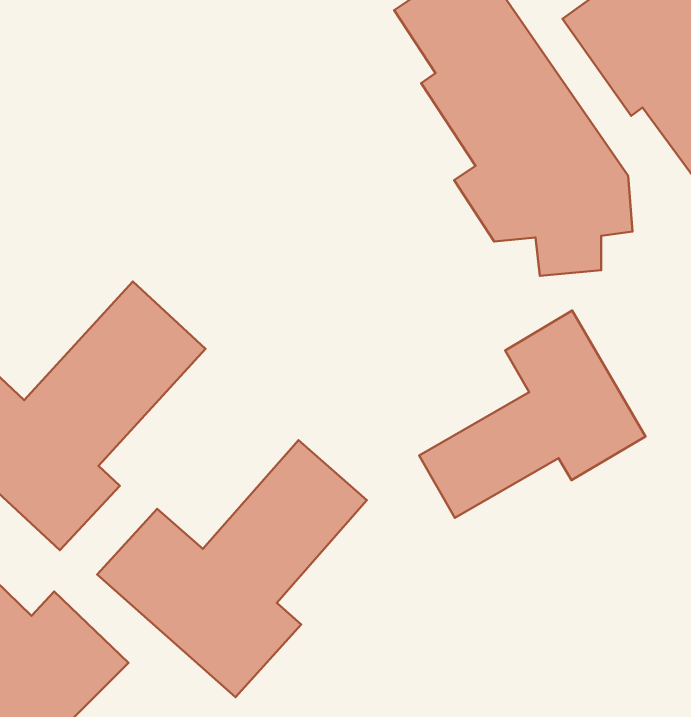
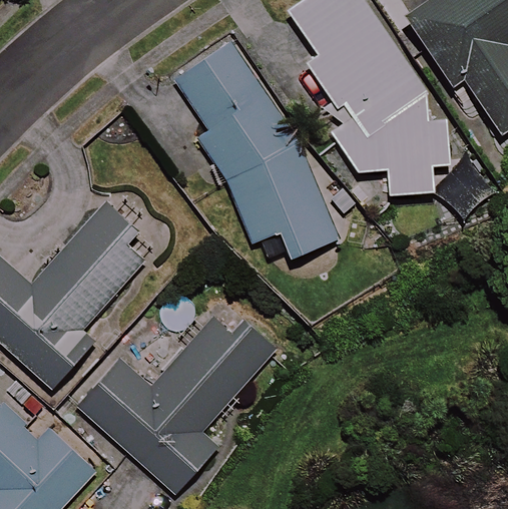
building: none -> [179,46,345,260]
building: [419,311,645,518] -> none

